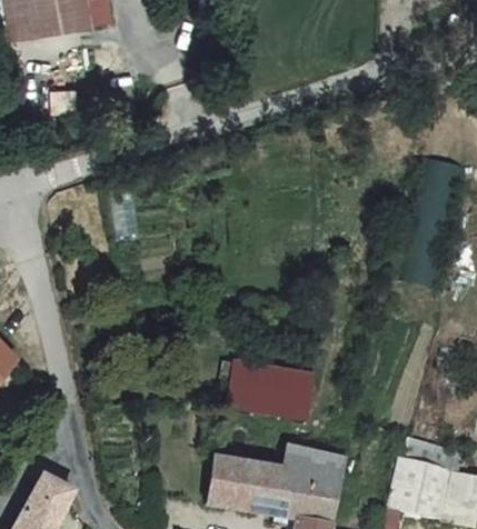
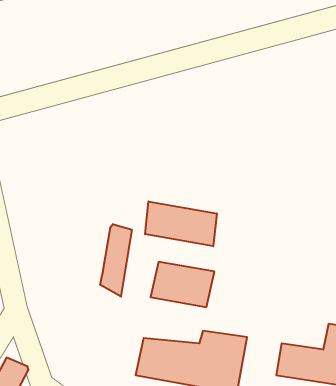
building: none -> [145,201,217,246]
building: none -> [100,224,132,297]

